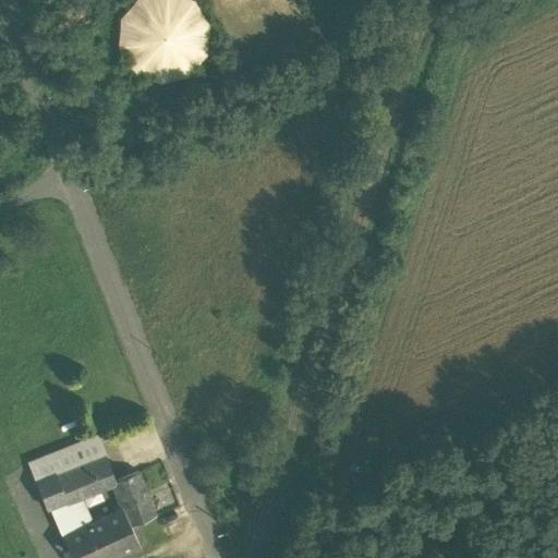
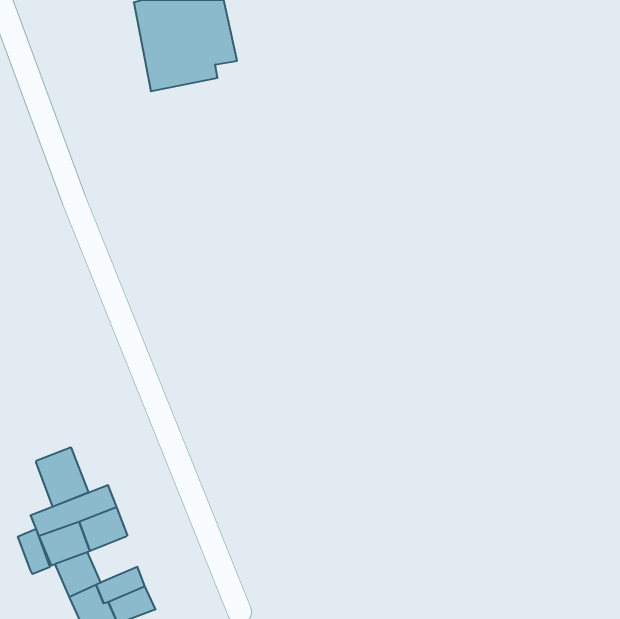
building: none -> [36,447,88,507]
building: [114,472,156,527] -> none
building: none -> [18,529,50,574]

